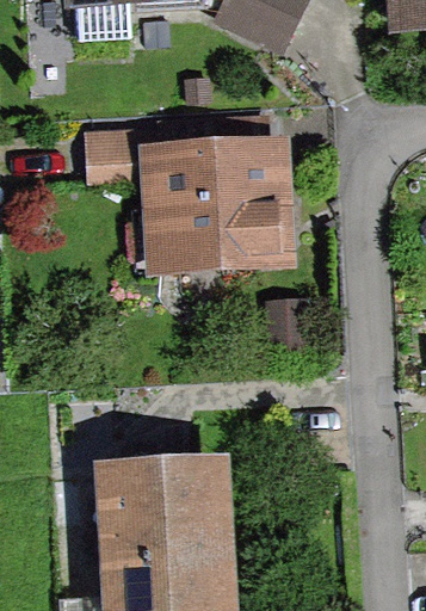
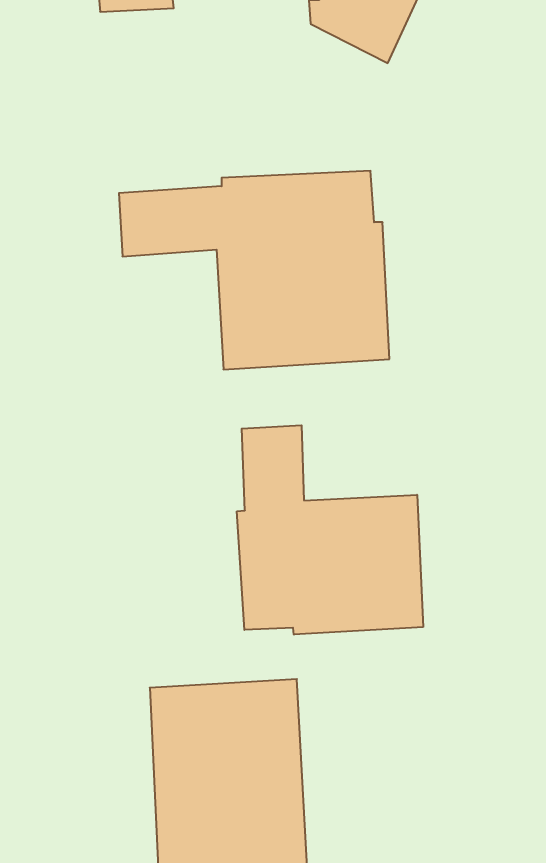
building: none -> [237,425,423,635]

